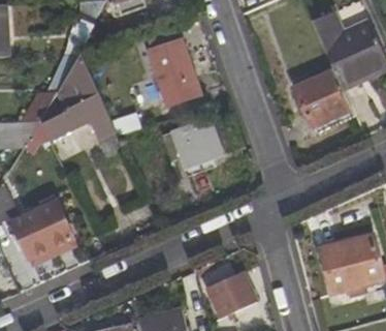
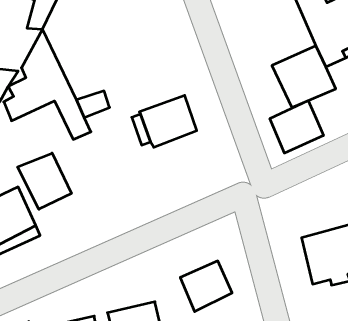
building: [148,37,200,103] -> none
building: none -> [270,101,323,153]
building: none -> [18,153,71,209]

